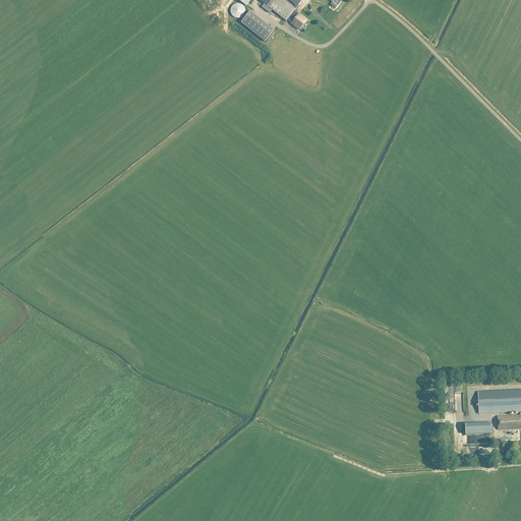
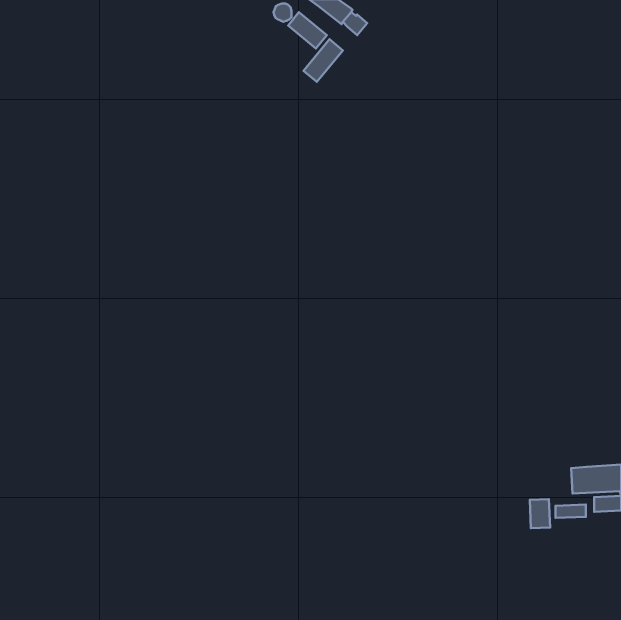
building: none -> [303,39,343,82]
building: none -> [530,499,550,528]

